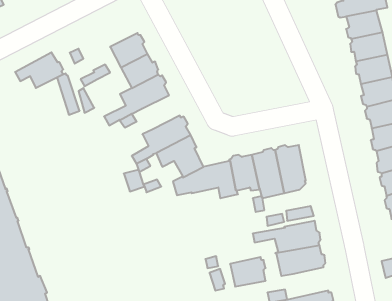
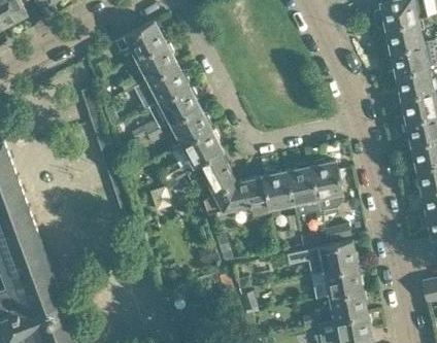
building: [15,52,63,88] -> [115,23,166,60]
building: none -> [170,110,210,146]
building: [230,257,266,287] -> [329,290,366,321]

